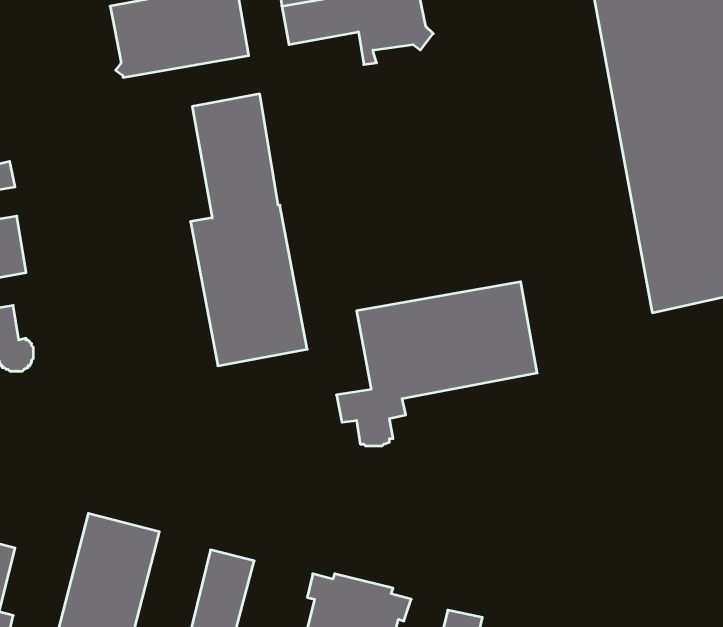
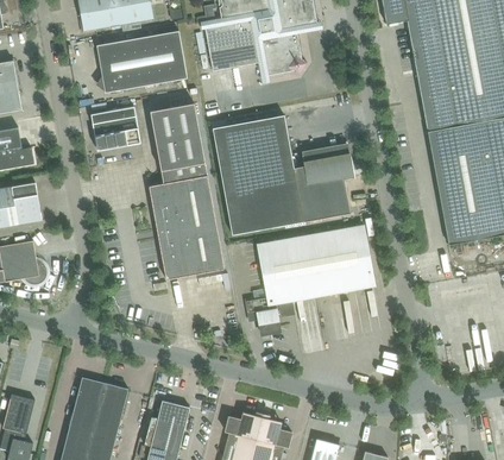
building: none -> [90,106,140,147]
building: none -> [213,114,354,234]

